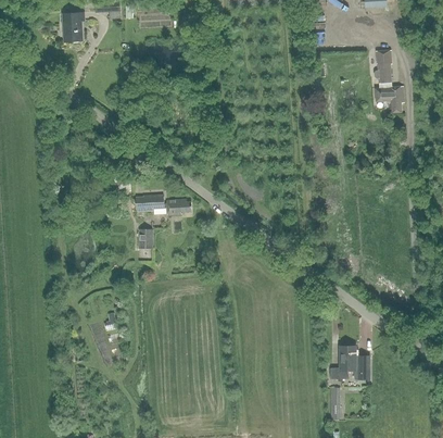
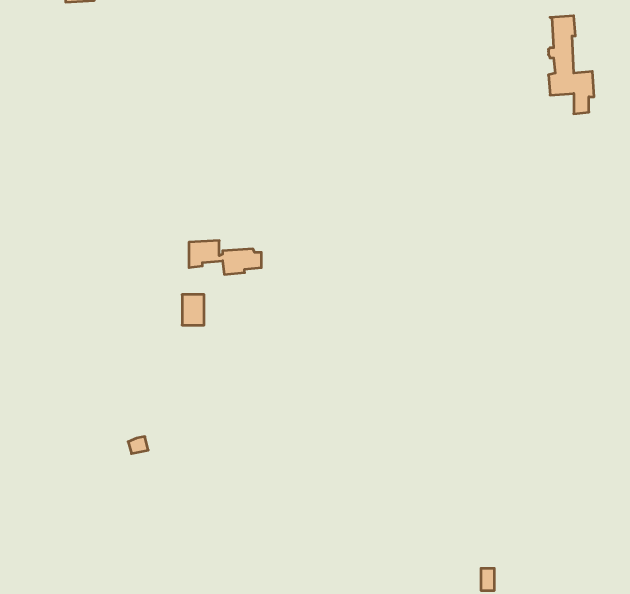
building: [331,346,369,378] -> none

